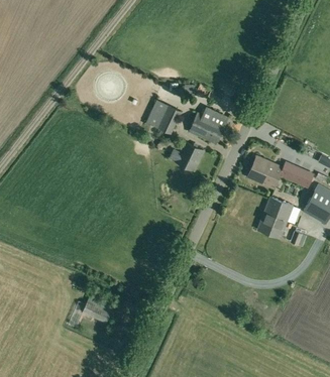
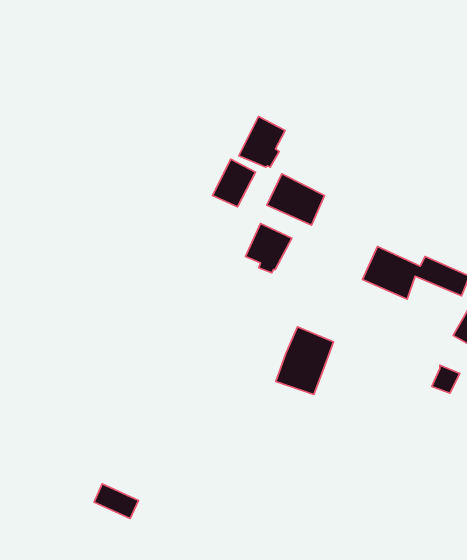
building: none -> [239,116,285,167]
building: [257,197,293,238] -> [276,327,334,395]

